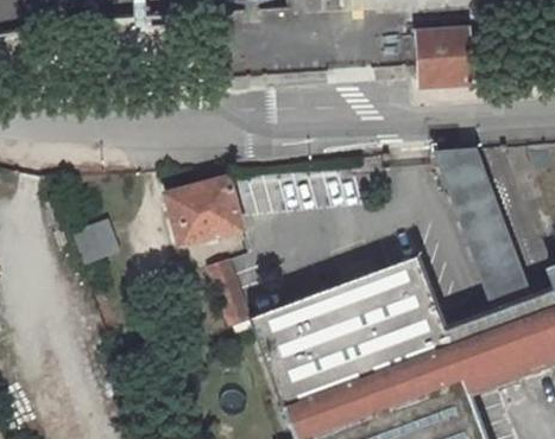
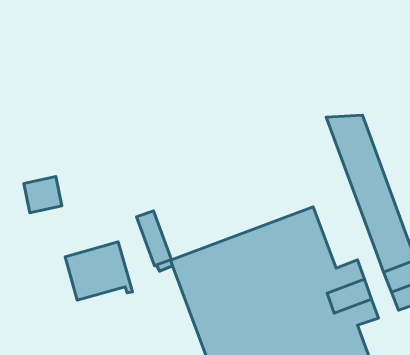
building: [418,30,469,83] -> none
building: [165,176,245,244] -> [65,242,132,300]
building: [471,310,519,387] -> none

